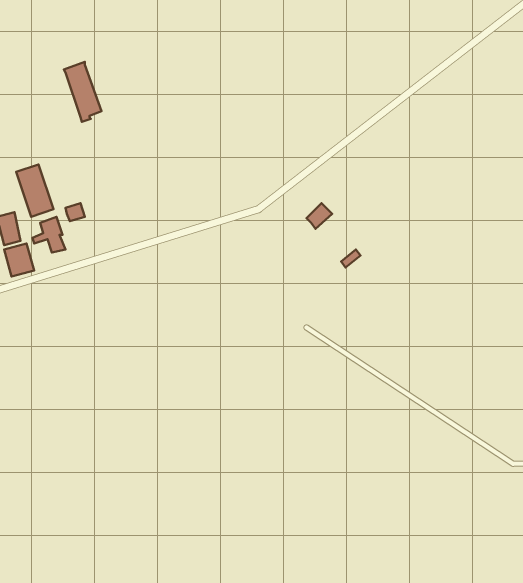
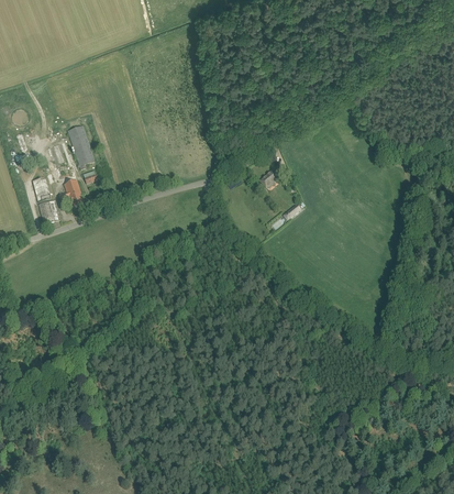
building: [64,62,101,122] -> [67,124,95,168]

